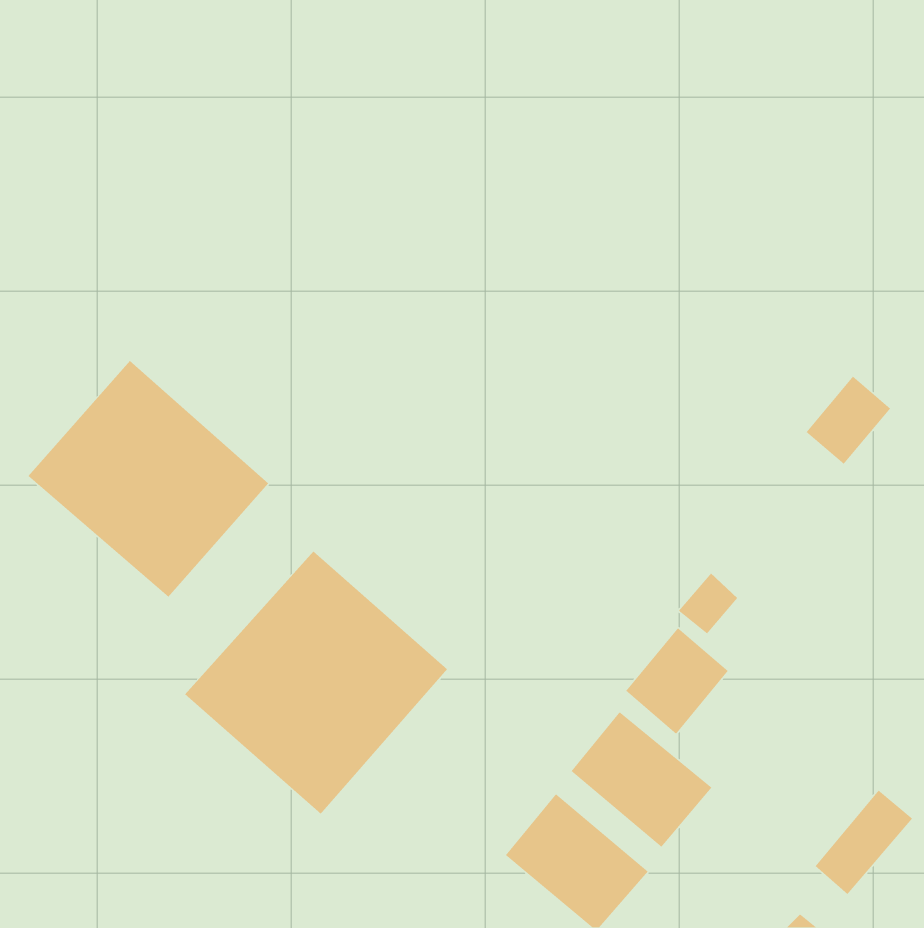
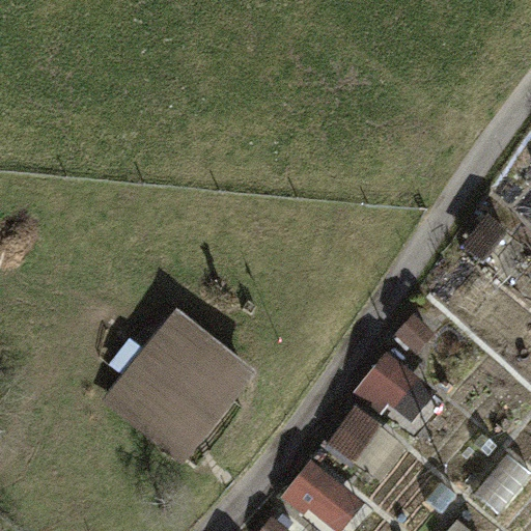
building: [28,360,269,598] -> none

